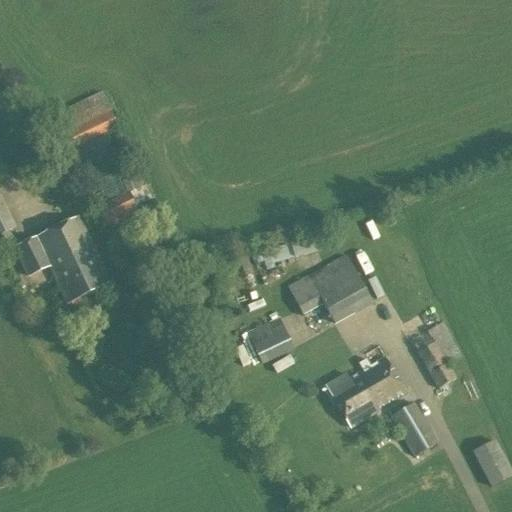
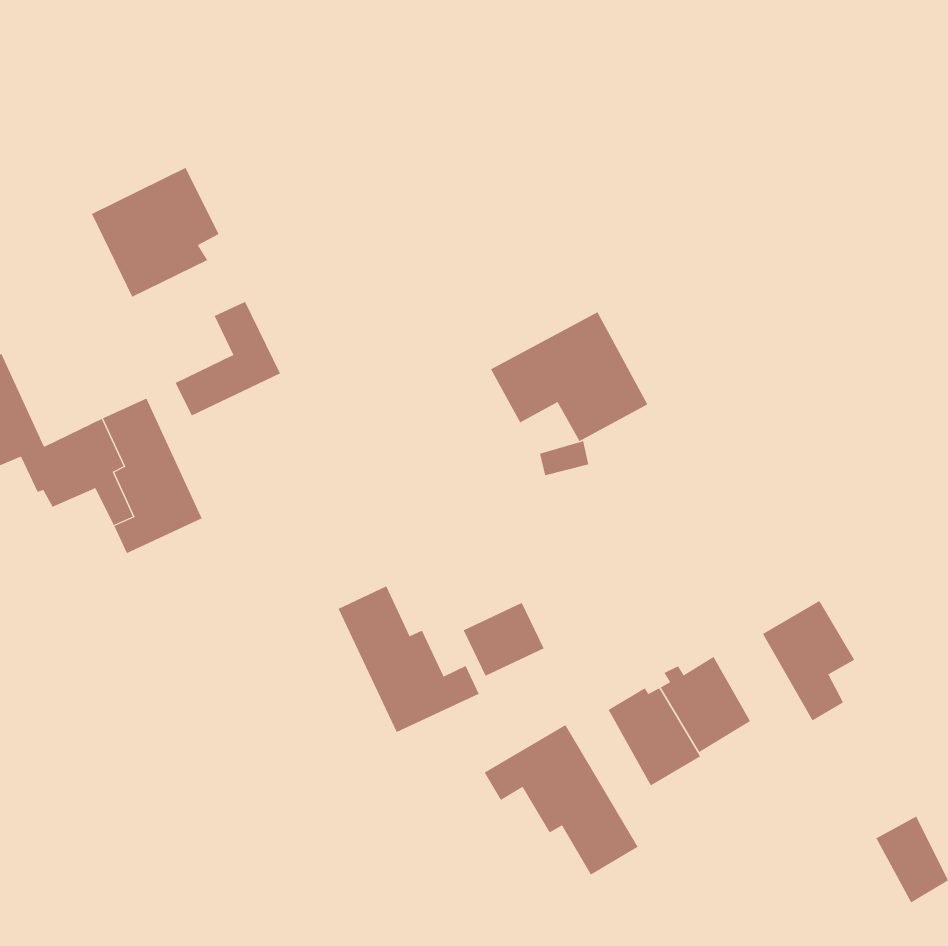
building: [286,254,371,324] -> [490,312,648,442]
building: none -> [338,586,479,733]
building: none -> [484,724,638,876]
building: [389,402,437,457] -> none

